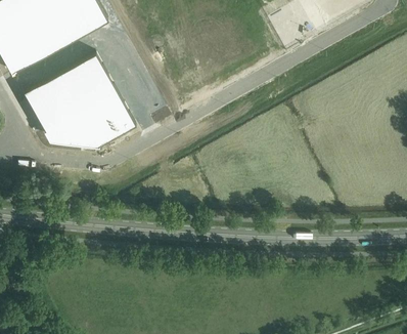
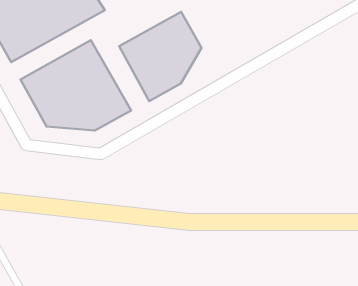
building: none -> [119,12,202,101]

